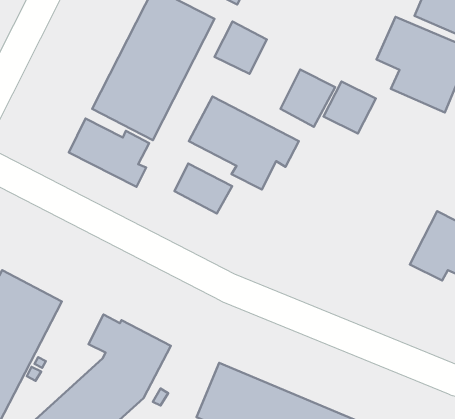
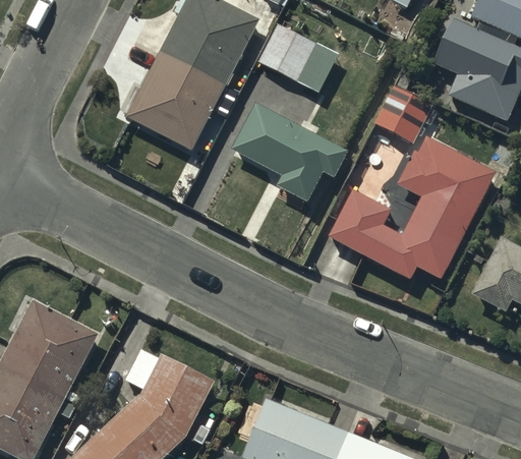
building: [280,69,335,127] -> none
building: [69,119,149,187] -> none
building: none -> [331,141,497,281]
building: [174,163,232,213] -> none

